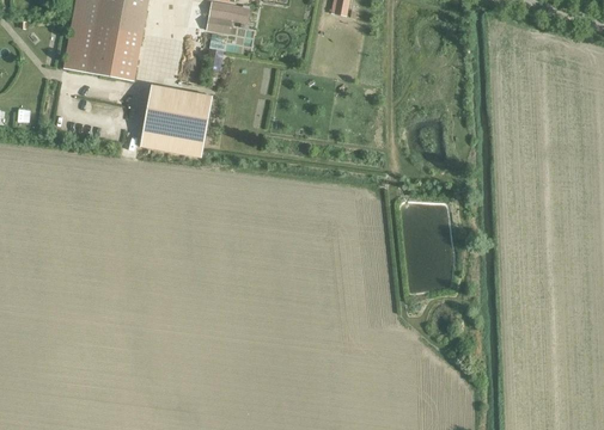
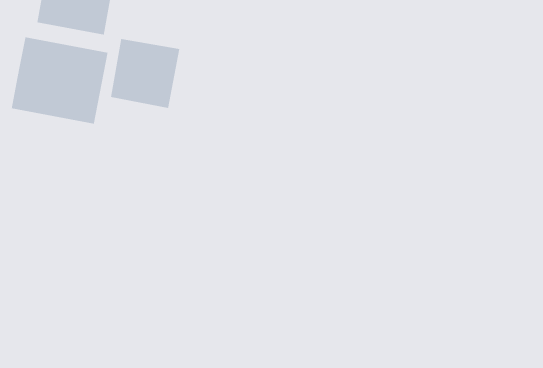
building: none -> [11,36,108,125]

